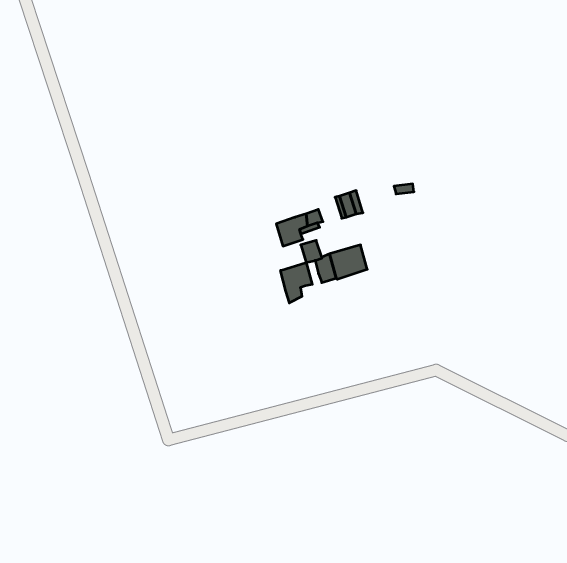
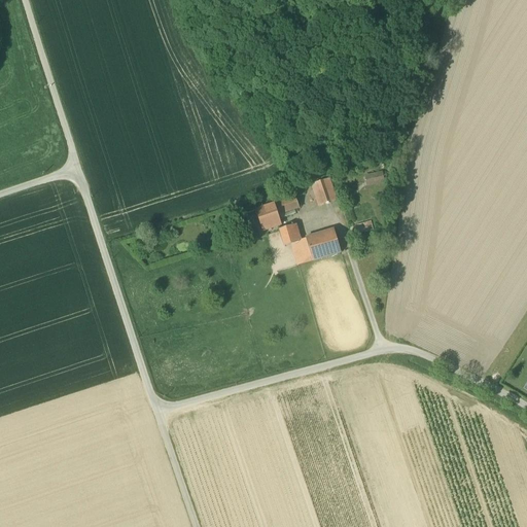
building: [281,263,312,303] -> none

